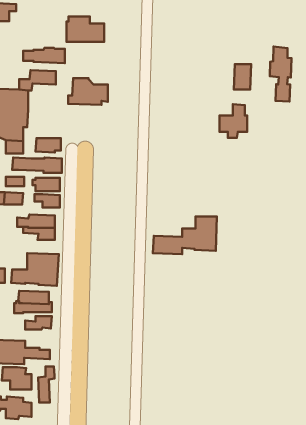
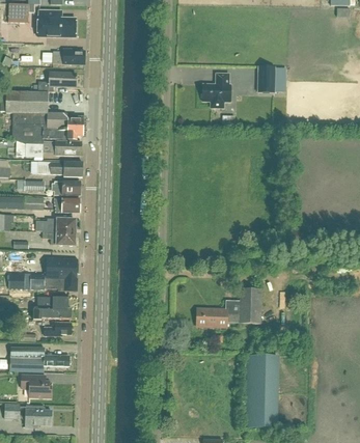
building: [66,16,104,42] -> [37,10,76,36]
building: [270,47,291,101] -> none
building: [68,78,108,105] -> [43,112,83,139]
building: [220,104,247,138] -> [202,73,230,107]
building: [153,216,217,254] -> [196,288,261,327]
building: none -> [245,354,274,426]
building: [38,366,55,403] -> none

